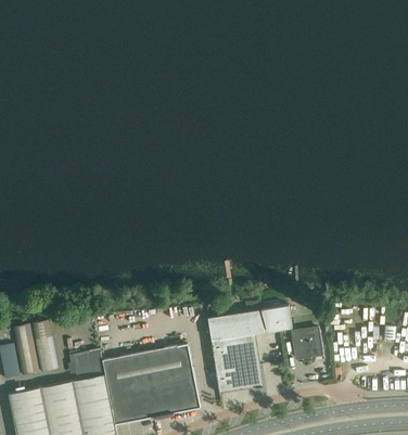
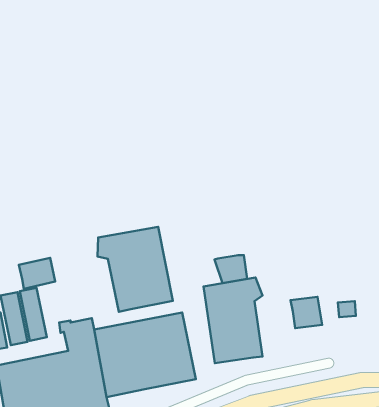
building: none -> [97,227,173,312]
building: none -> [19,258,55,289]
building: [259,305,291,332] -> [215,255,247,283]

